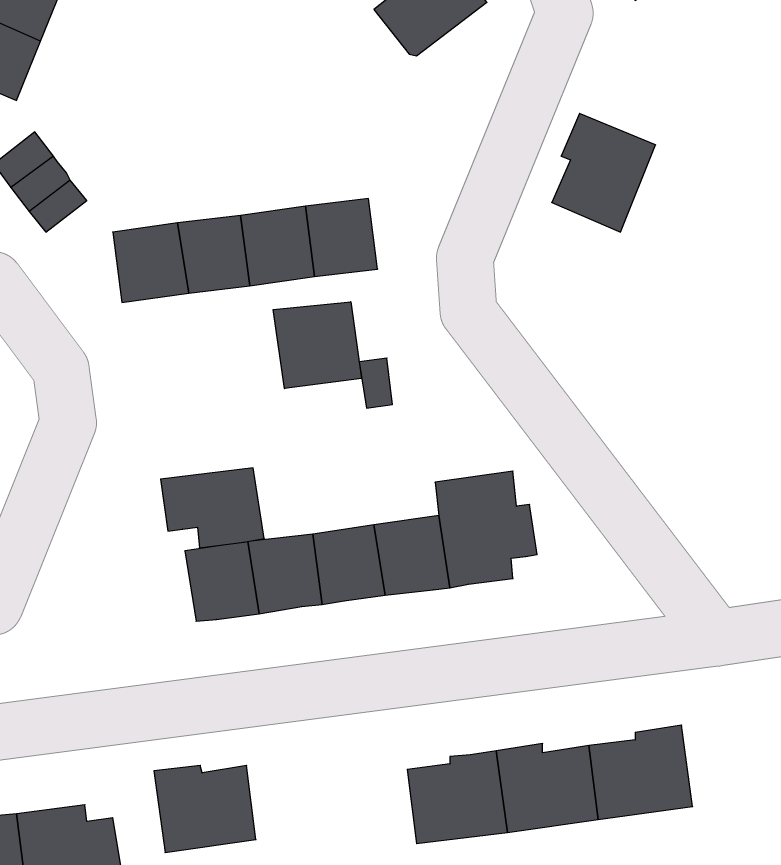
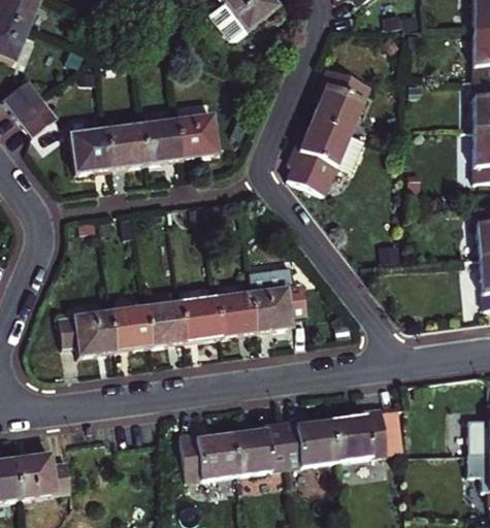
building: none -> [288,117,367,194]
building: [273,302,361,389] -> none
building: [161,468,264,548] -> [58,310,116,355]
building: [154,765,256,853] -> [182,432,238,481]

